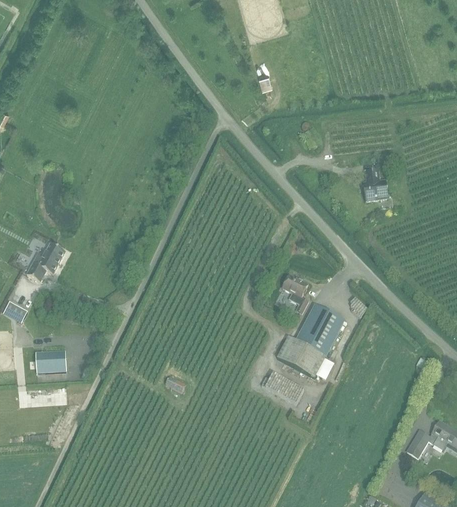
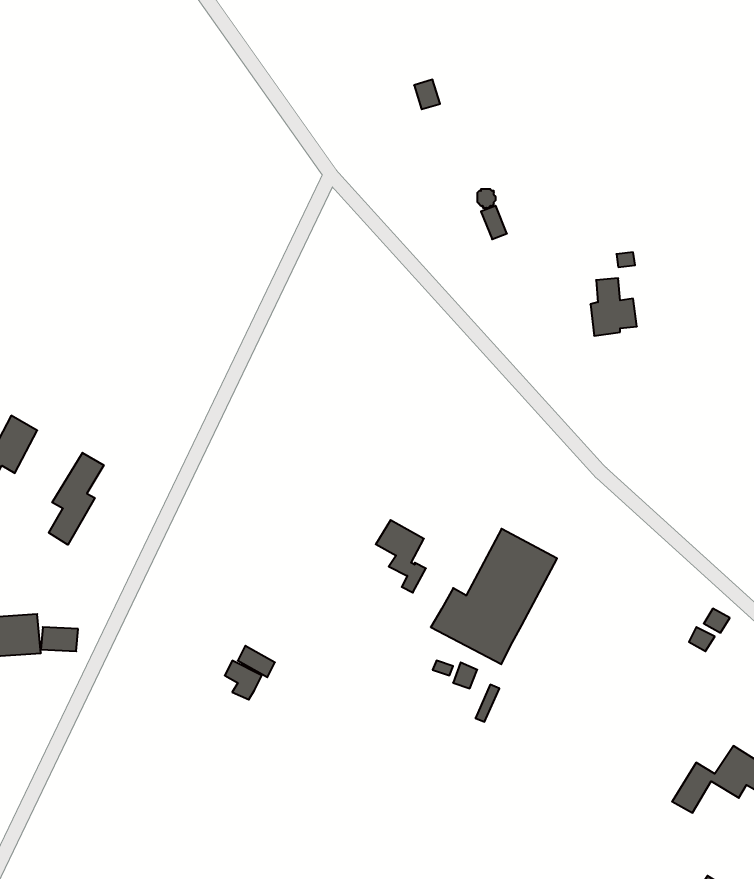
building: none -> [49,453,104,545]
building: [281,275,308,314] -> [376,520,426,593]

